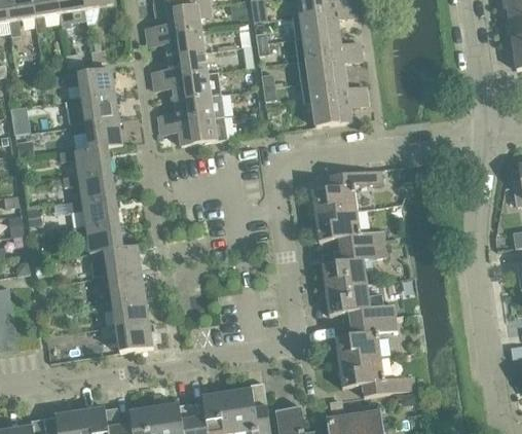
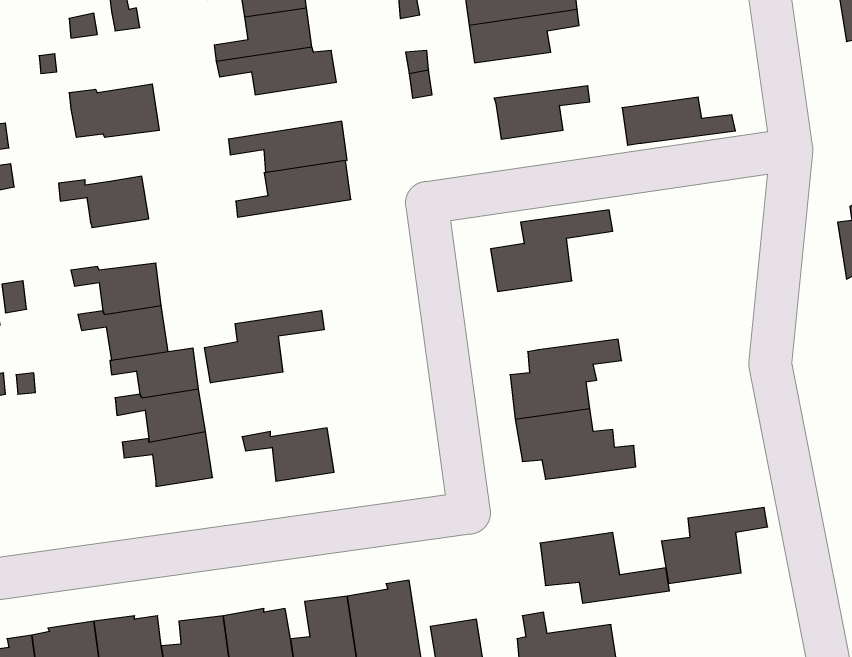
building: [62,69,113,100] -> none
building: [300,76,366,104] -> [622,97,735,145]
building: [156,94,223,126] -> [236,161,351,217]
building: [69,121,121,151] -> none
building: [62,173,115,203] -> none
building: [313,209,383,249] -> none
building: none -> [204,310,324,383]
building: [334,317,396,361] -> [661,507,768,584]
building: [99,323,152,354] -> [242,428,334,481]

